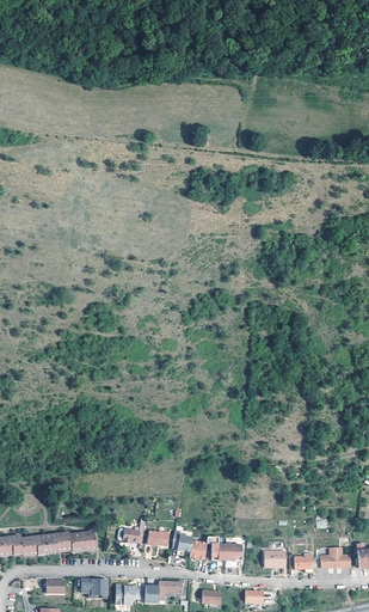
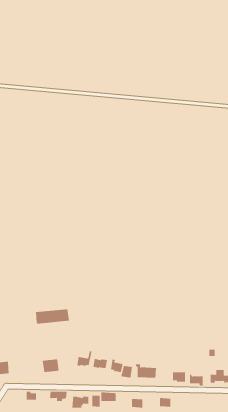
building: [21,533,73,556] -> [35,309,70,324]

